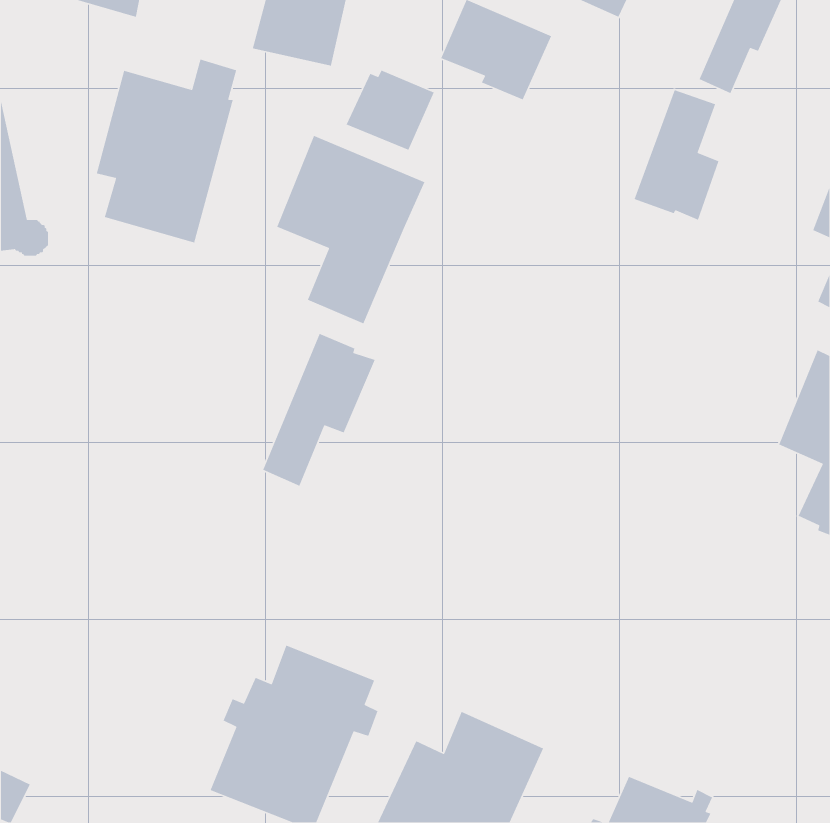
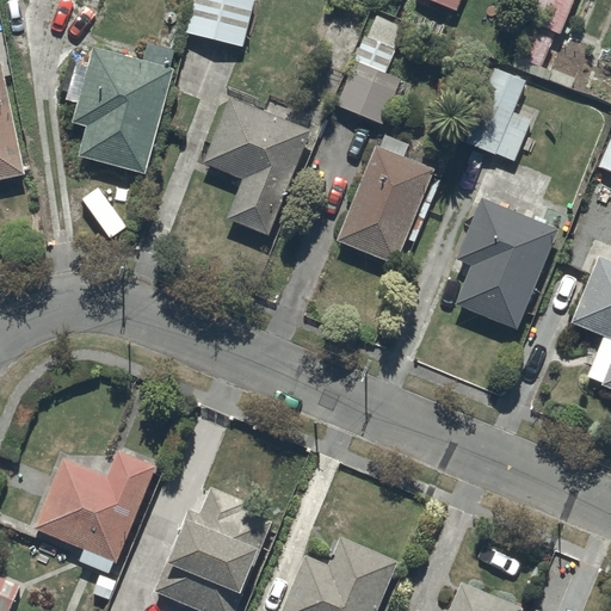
building: [345,70,435,151] -> [335,67,401,126]
building: none -> [334,132,440,270]
building: none -> [453,200,557,334]
building: [262,333,376,487] -> none
building: none -> [33,439,156,562]

